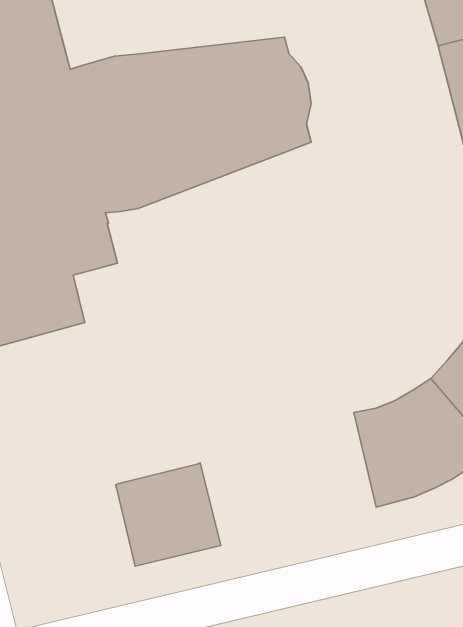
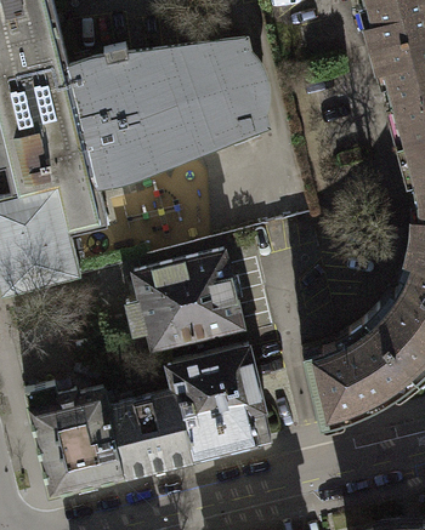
building: none -> [126,251,243,348]
building: none -> [168,346,271,458]
building: none -> [24,383,123,494]

